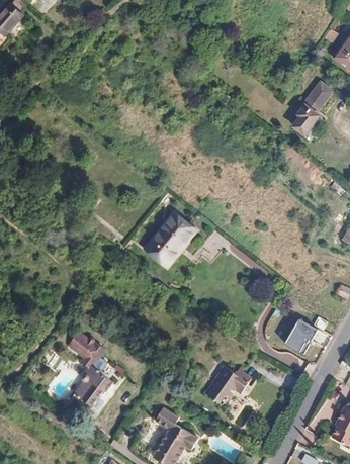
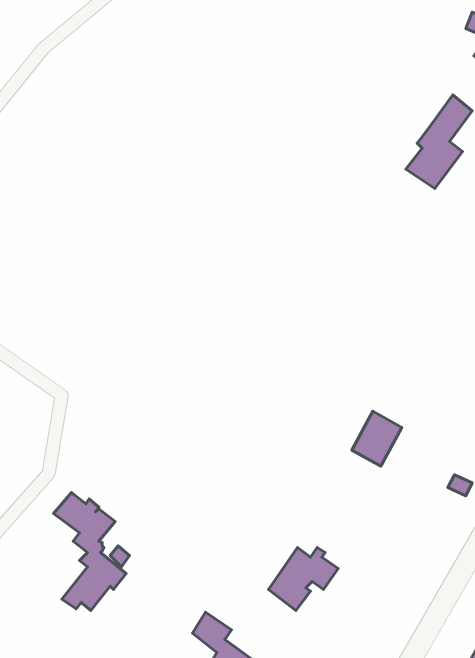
building: [144,212,195,267] -> none
building: [287,320,319,355] -> [352,411,402,466]

